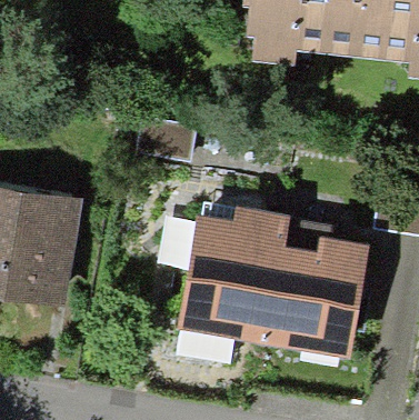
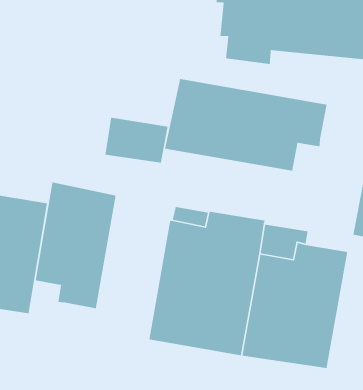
building: none -> [164,78,327,172]
building: none -> [35,181,116,309]

